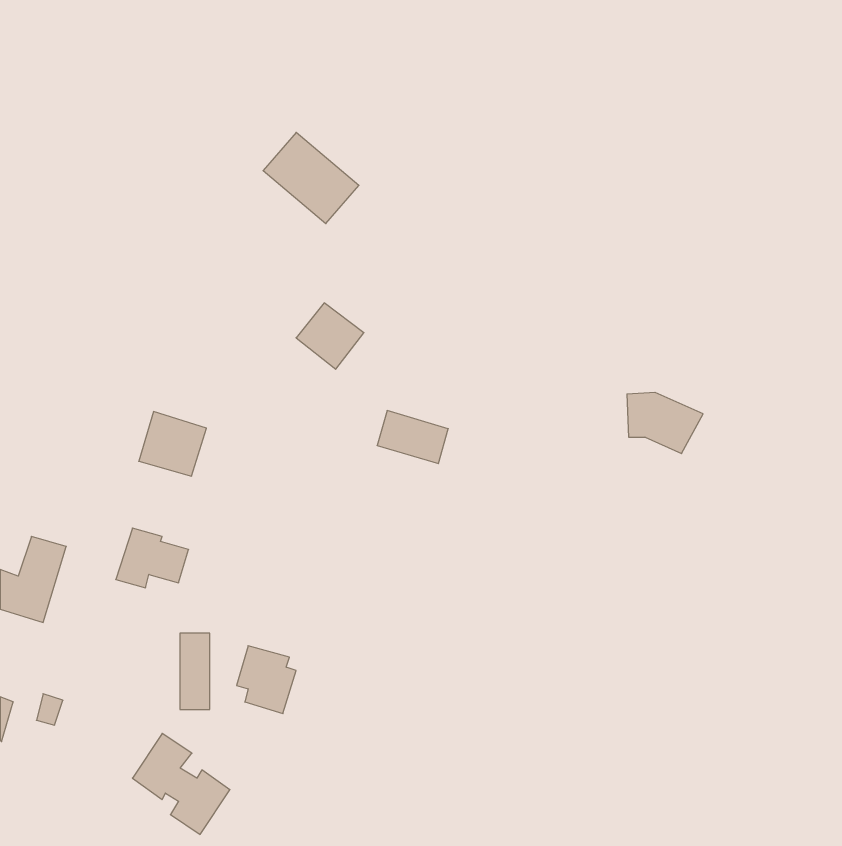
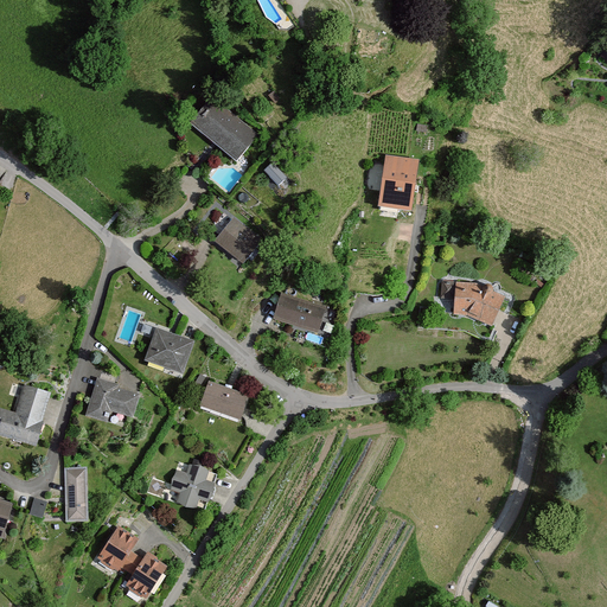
building: none -> [375,154,416,211]
building: [139,412,206,476] -> [145,327,193,373]
building: none -> [199,379,247,420]
building: [180,633,210,709] -> [64,467,85,522]

